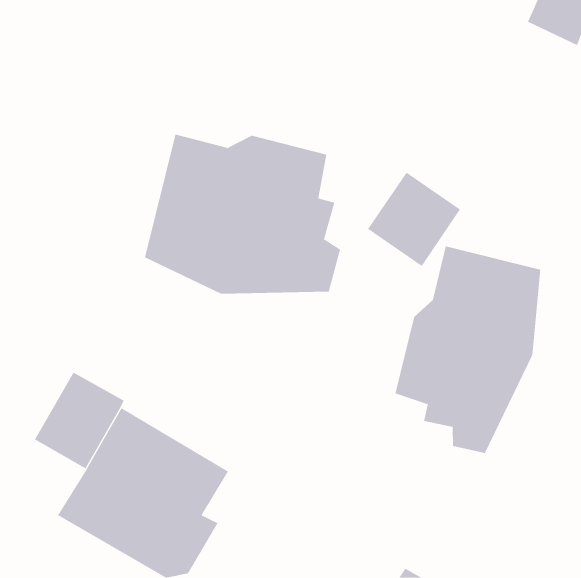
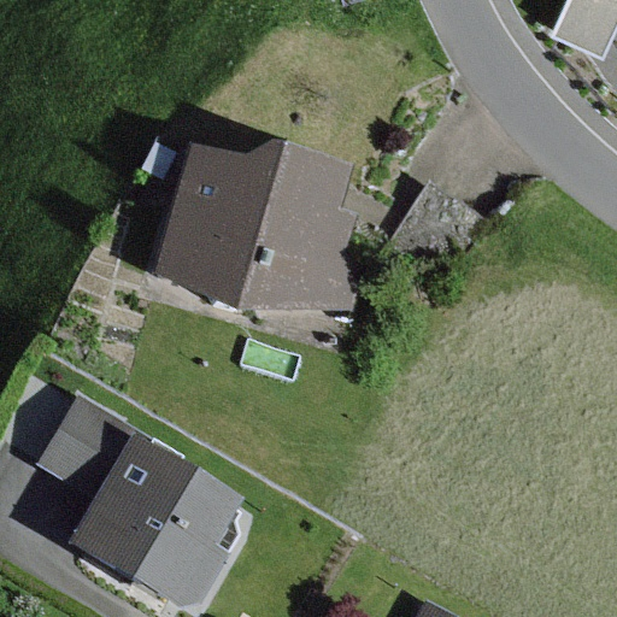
building: [395,245,541,454] -> none

